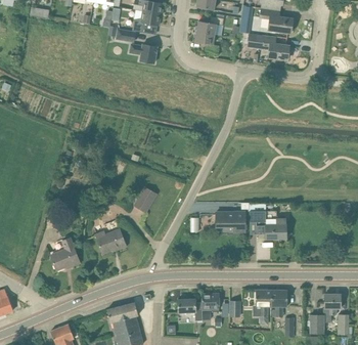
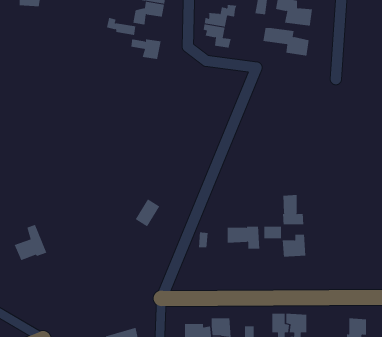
building: none -> [283,194,304,225]
building: [96,229,126,253] -> none
building: [50,236,80,269] -> [14,224,47,261]

